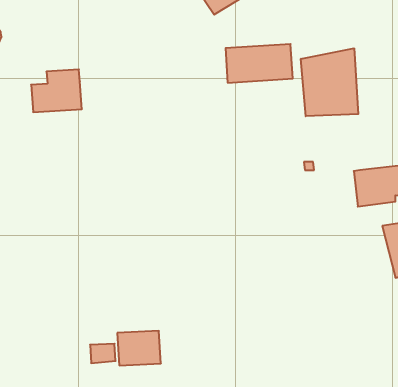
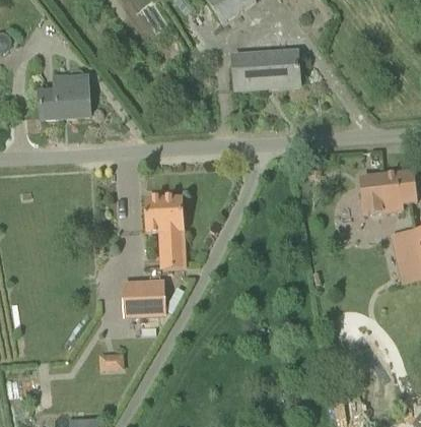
building: [301,48,358,116] -> none
building: none -> [146,196,185,266]
building: [117,331,161,365] -> [123,281,166,315]

